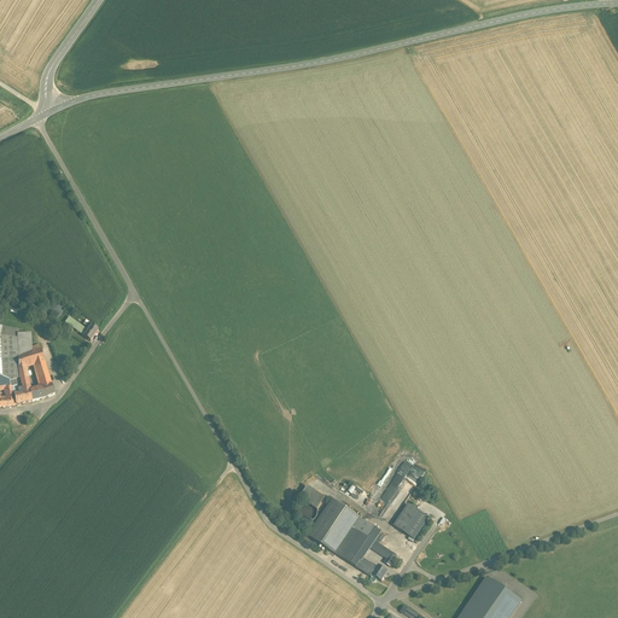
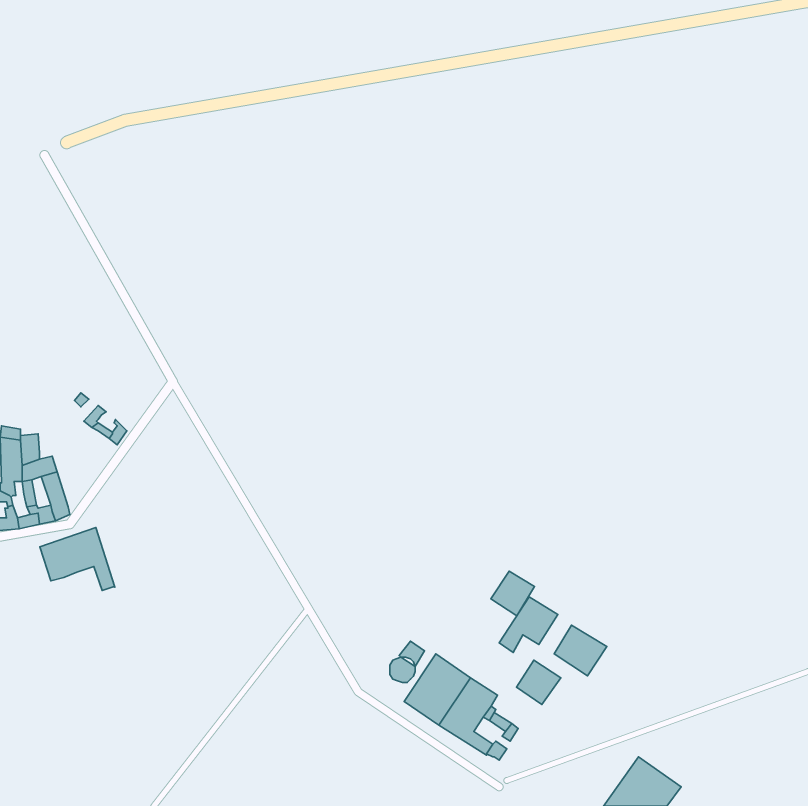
building: none -> [40,527,115,591]
building: none -> [491,571,534,616]
building: none -> [554,625,607,676]

